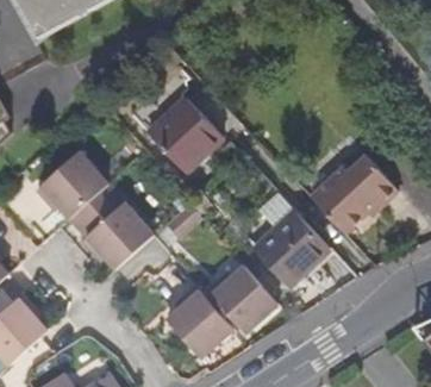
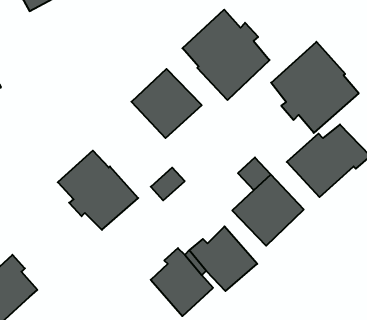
building: none -> [182,10,270,100]
building: none -> [271,42,359,133]
building: [33,151,106,218] -> none

